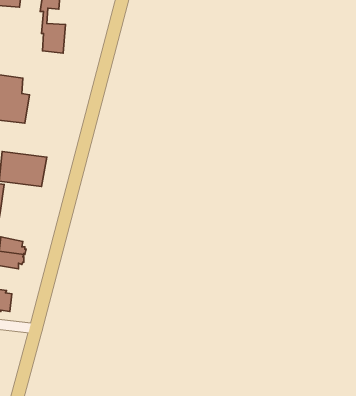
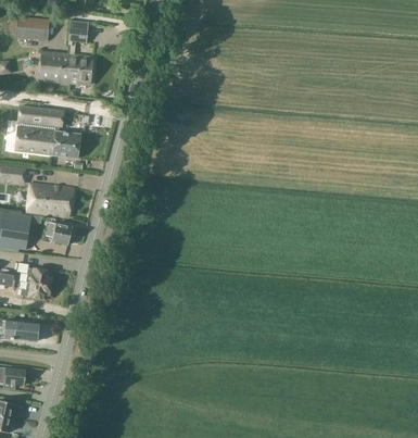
building: none -> [38,52,71,83]
building: none -> [49,110,80,158]
building: none -> [46,222,73,245]

